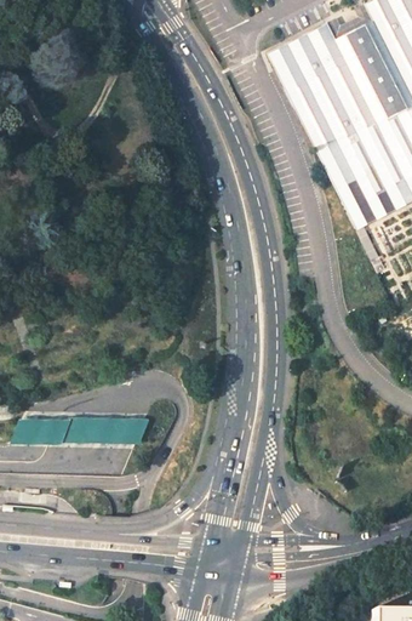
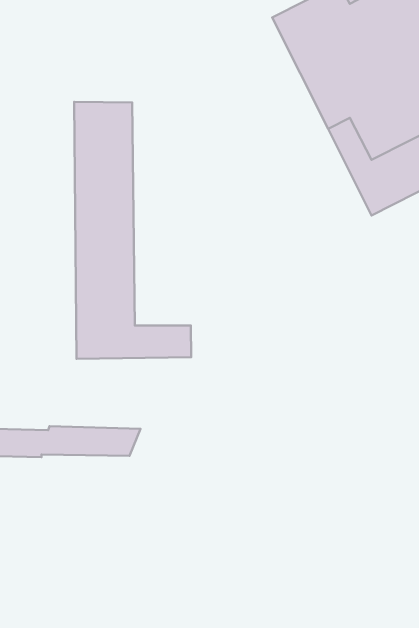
building: none -> [74,102,191,359]

